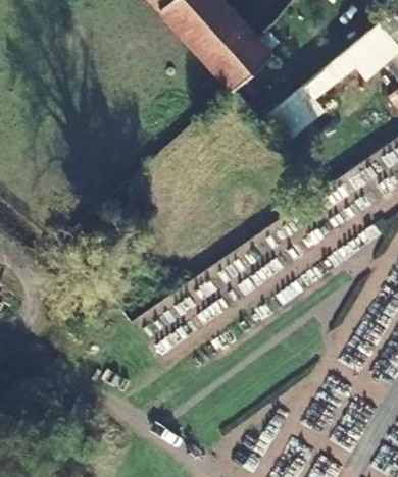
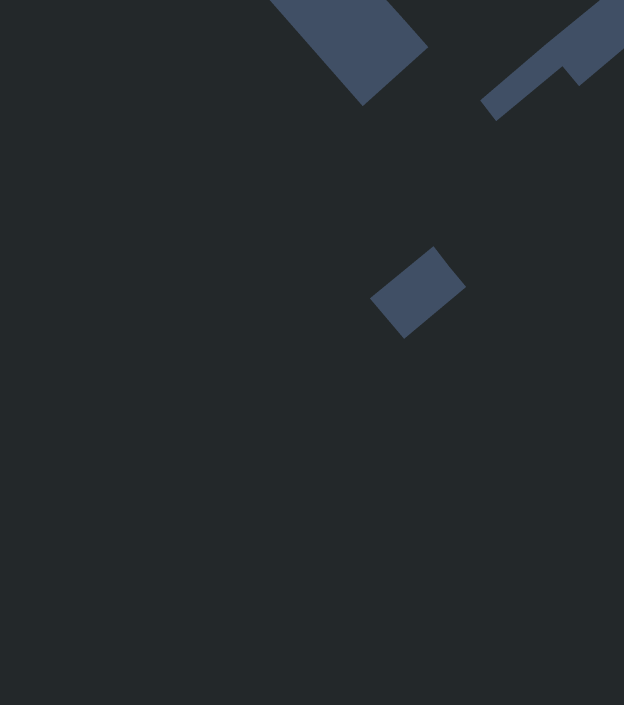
building: [262,88,322,146] -> [369,245,467,340]

